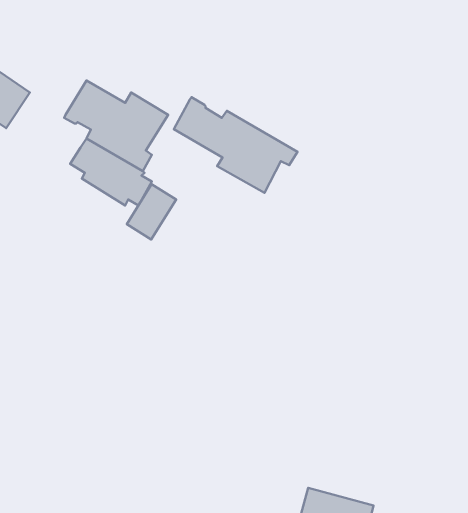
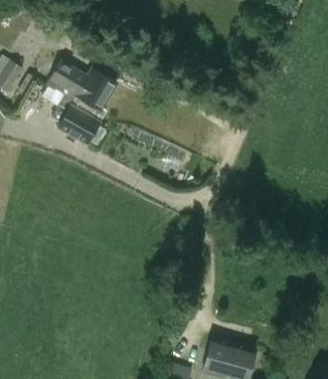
building: [174,97,298,193] -> none
building: [127,184,176,240] -> none

